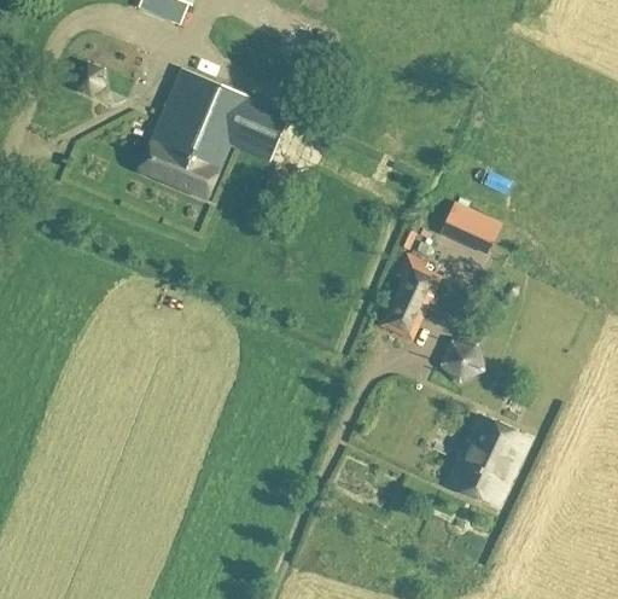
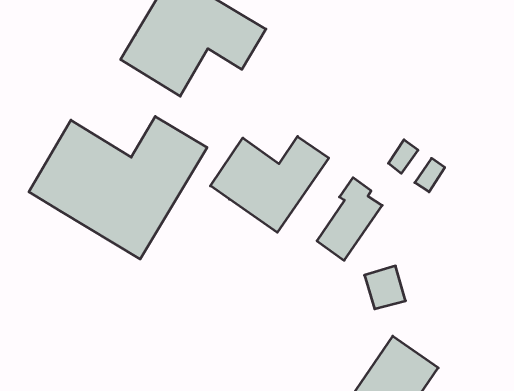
building: none -> [210,136,329,232]
building: none -> [29,116,207,259]

